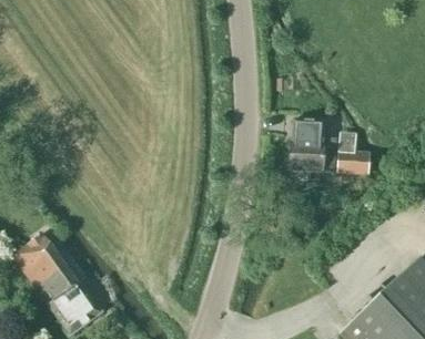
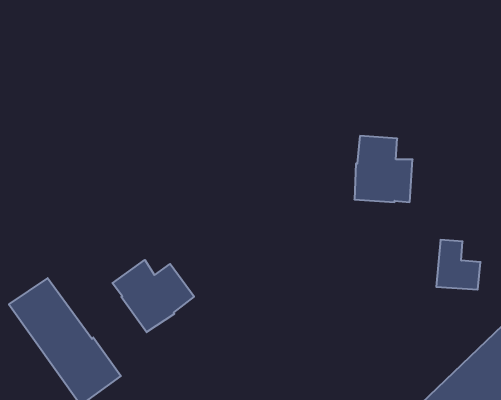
building: [335,134,371,174] -> [436,240,481,290]
building: none -> [112,260,194,332]

